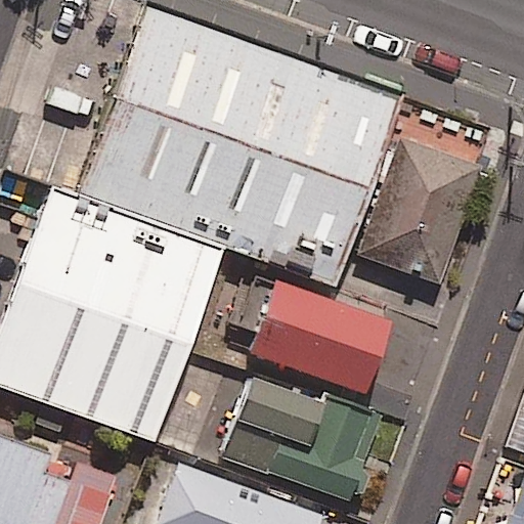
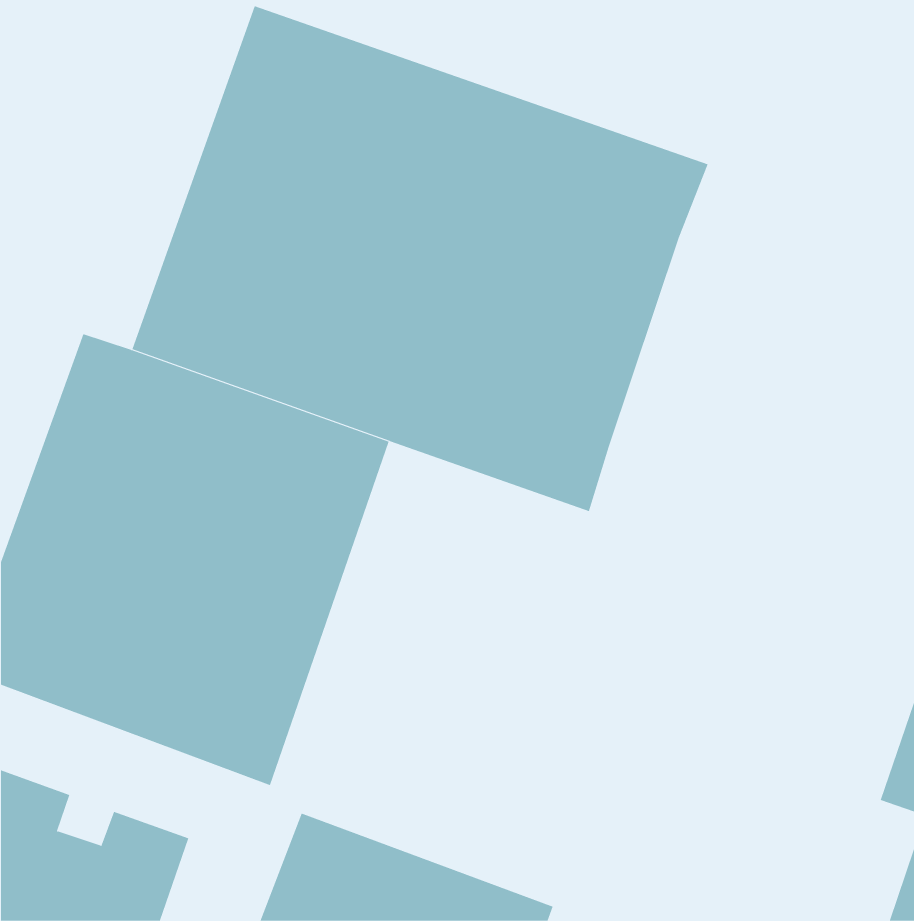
building: [350,135,481,285] -> none
building: [228,270,385,391] -> none
building: [223,378,377,500] -> none

